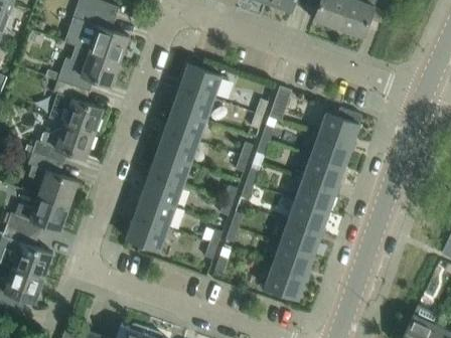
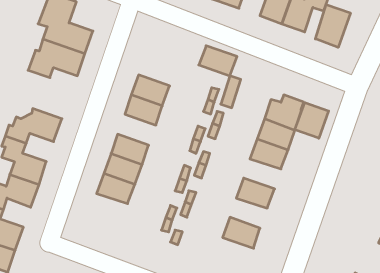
building: none -> [315,5,350,47]
building: [179,64,221,98] -> [199,46,237,76]
building: [49,80,104,134] -> none
building: none -> [295,103,329,138]
building: [156,129,198,163] -> none
building: [295,178,336,211] -> none
building: [126,216,167,250] -> none
building: [280,221,321,255] -> none
building: [264,265,306,299] -> none

